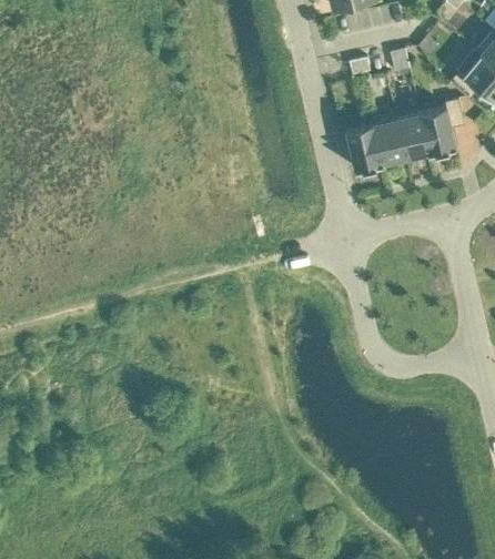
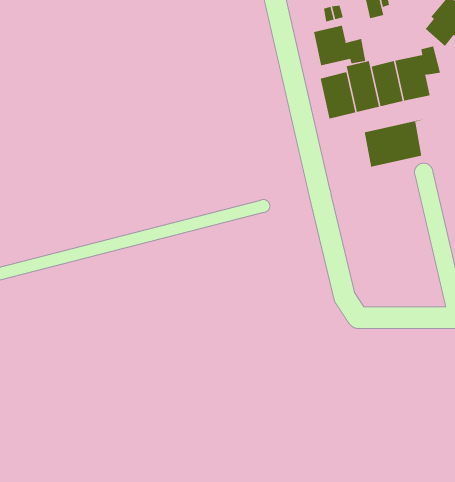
building: none -> [313,25,366,66]
building: none -> [364,119,423,167]

